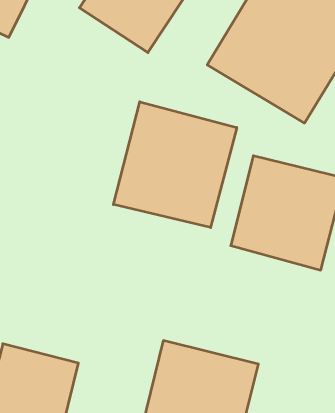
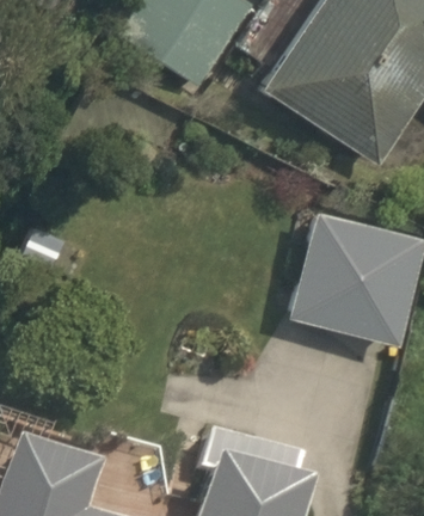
building: [113,102,237,228] -> none

